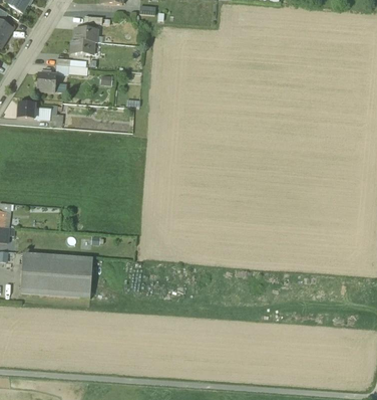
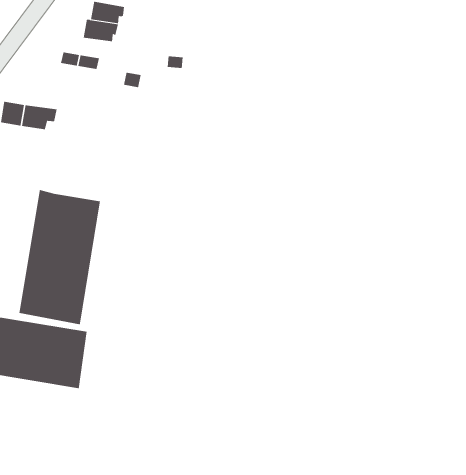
building: [36,69,66,91] -> none
building: none -> [19,189,101,325]

